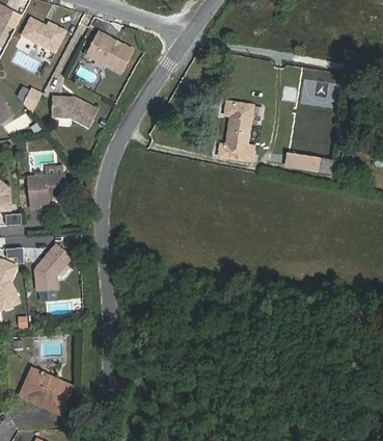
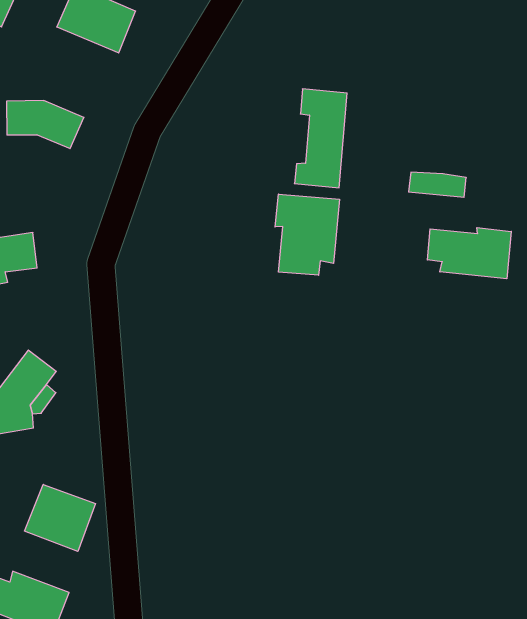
building: none -> [275,194,339,275]
building: none -> [427,228,511,279]
building: none -> [25,484,95,551]

